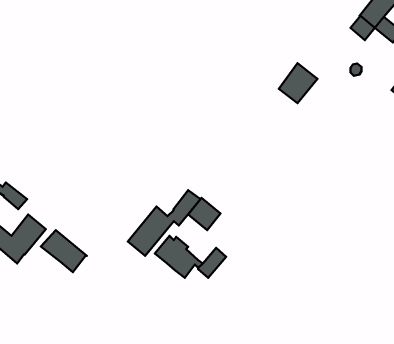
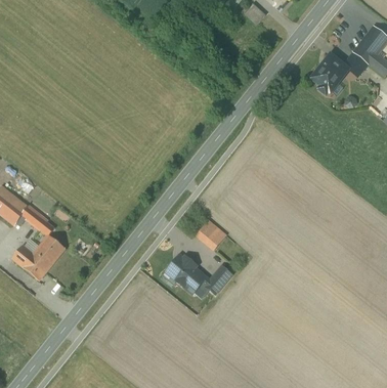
building: [279,63,318,103] -> [311,54,347,91]
building: [128,190,201,256] -> none
building: [41,230,87,272] -> none

